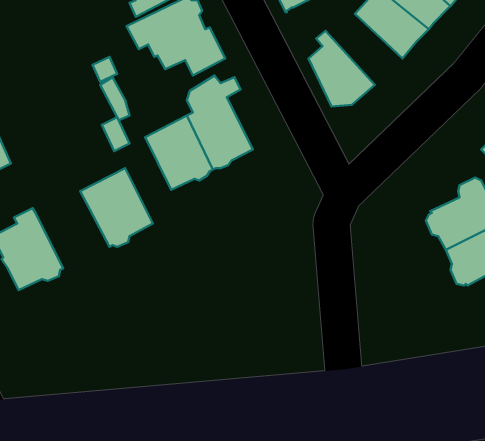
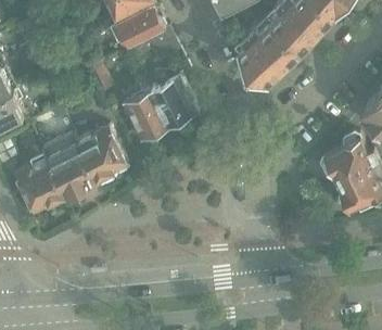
building: none -> [246,18,301,68]
building: none -> [38,135,94,199]

